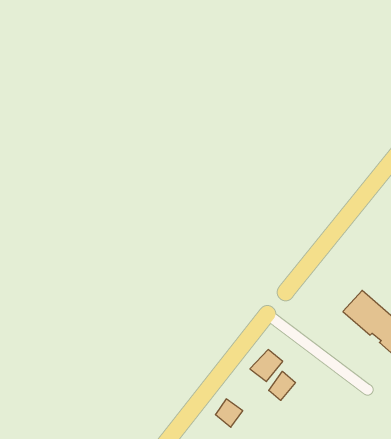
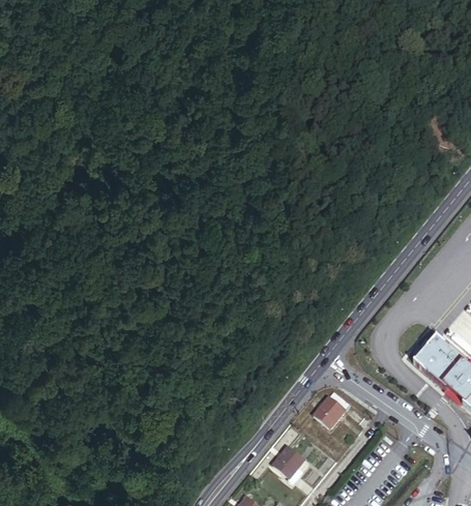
building: [269,371,295,400] -> none

